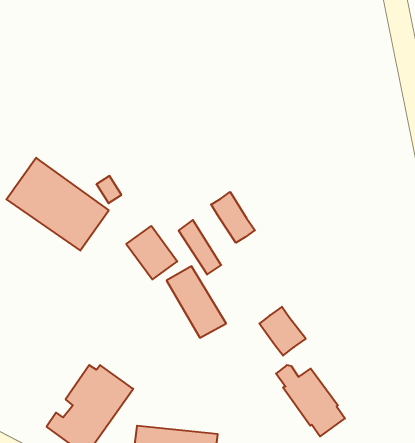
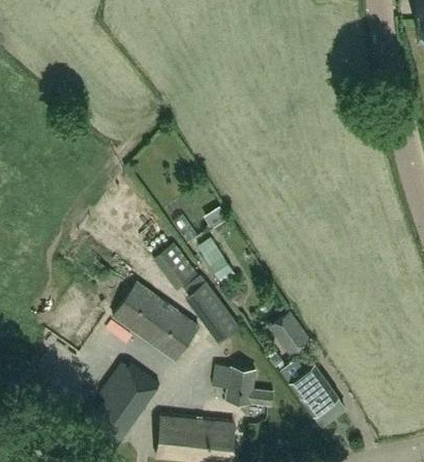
building: [6,158,109,251] -> [111,281,200,362]
building: [211,192,255,243] -> none
building: none -> [212,365,274,407]

